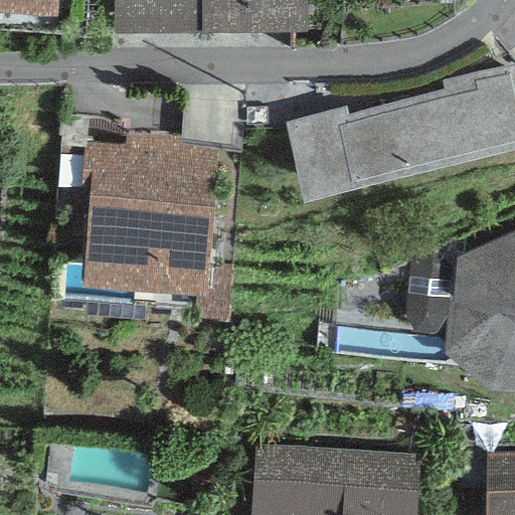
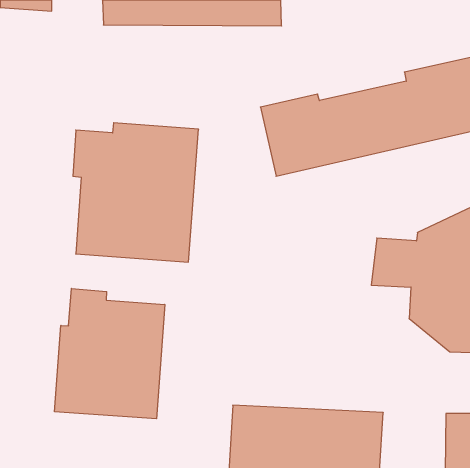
building: none -> [55,288,165,419]

